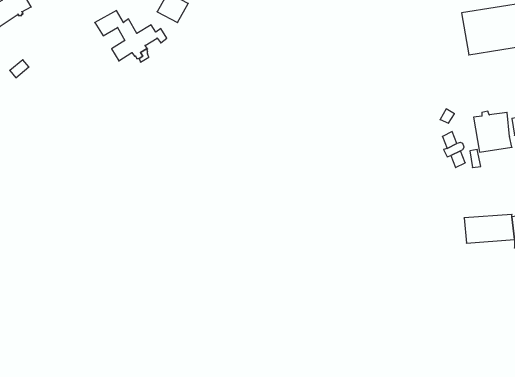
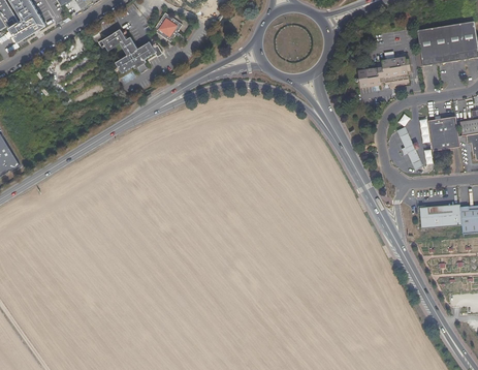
building: none -> [365,55,410,86]

